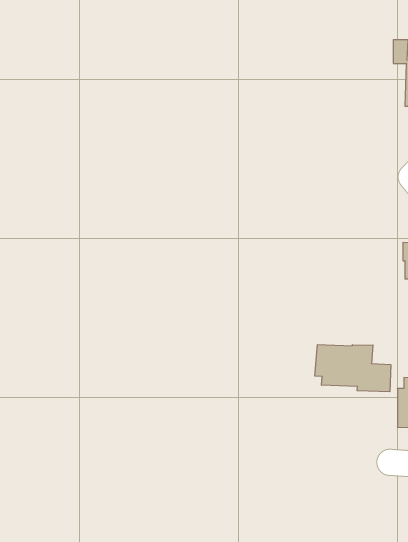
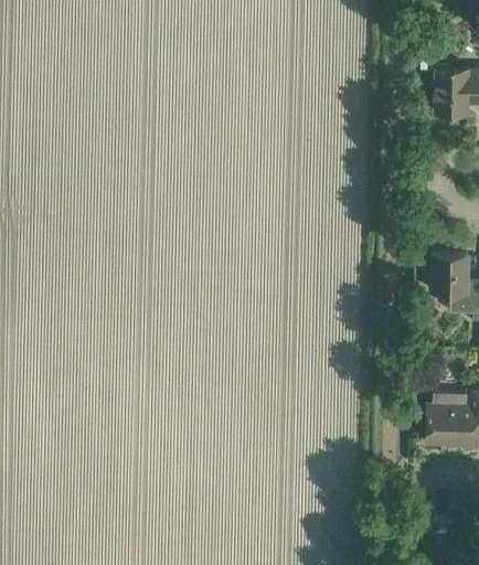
building: [315,345,391,392] -> none

